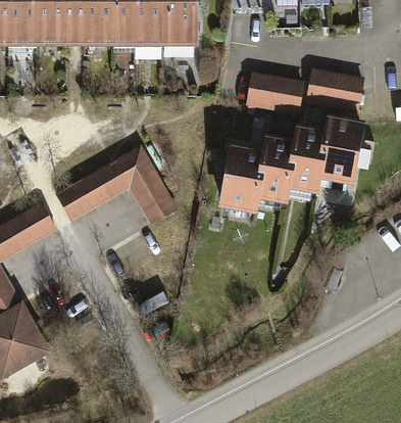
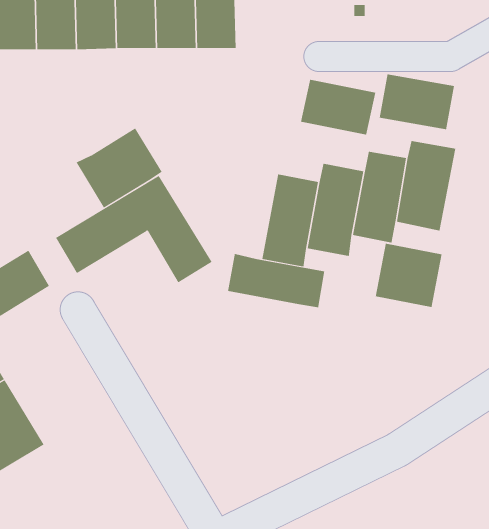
building: none -> [76,128,163,208]
building: none -> [375,243,442,308]
building: none -> [228,253,325,308]

